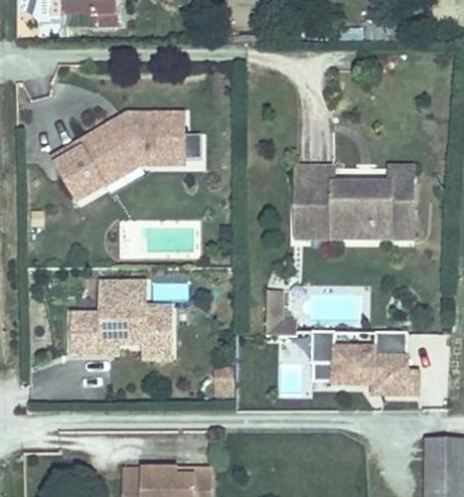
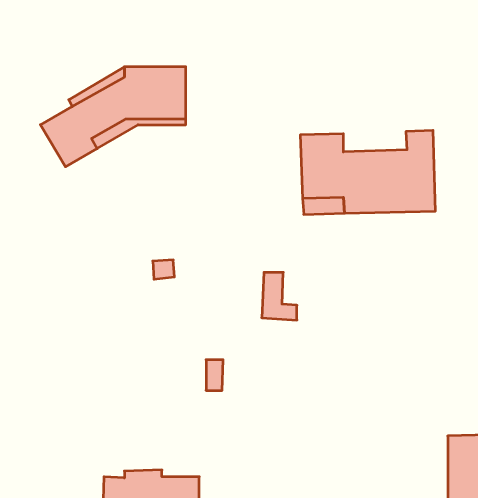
building: [67,281,169,355] -> none
building: [311,334,415,396] -> none

